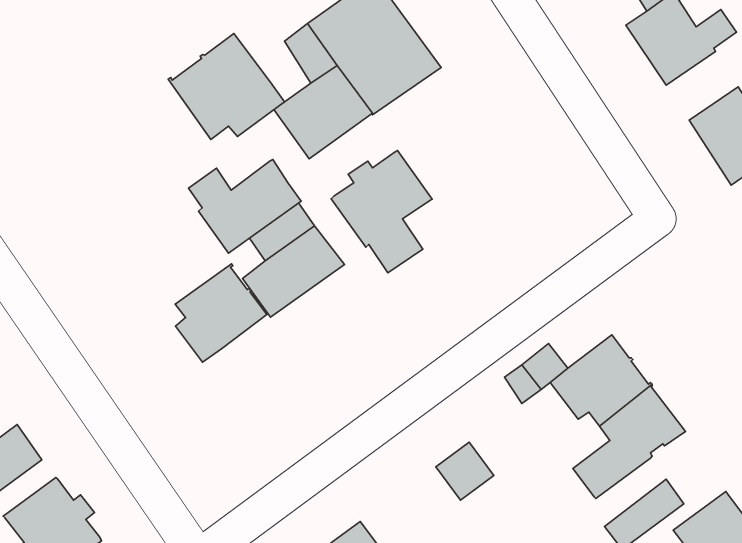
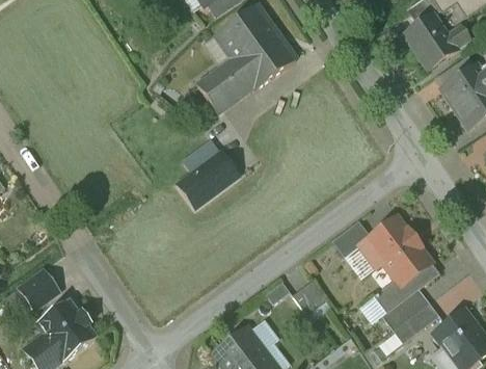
building: [168,34,284,139] -> none
building: [331,151,432,273] -> none
building: [188,159,301,253] -> none
building: [175,264,267,362] -> none
building: none -> [381,288,428,328]

